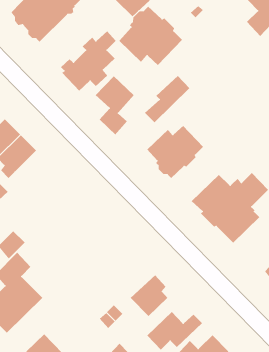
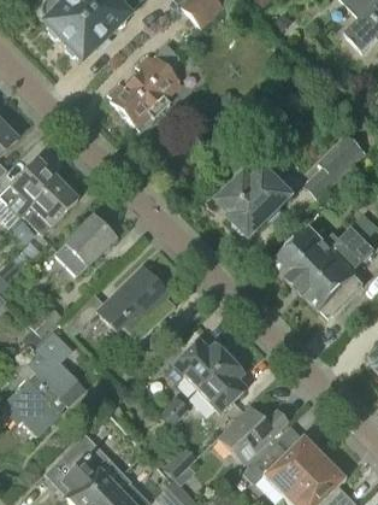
building: [118,6,183,66] -> none
building: [144,75,190,123] -> [306,134,365,195]
building: none -> [55,213,116,274]
building: none -> [64,264,176,341]
building: none -> [166,337,229,387]

